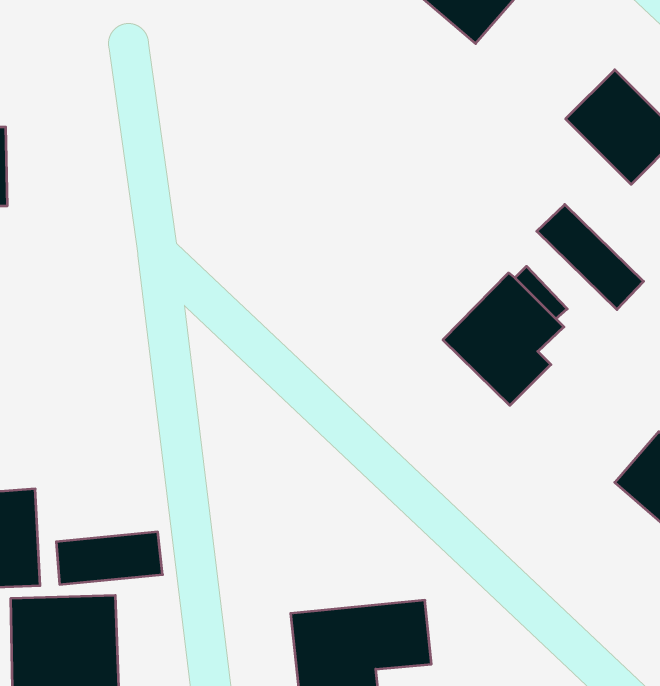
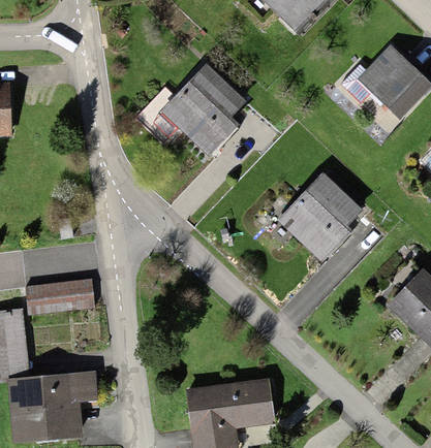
building: none -> [162,66,242,154]
building: [537,204,644,310] -> none
building: [56,532,163,584] -> [26,279,93,312]

